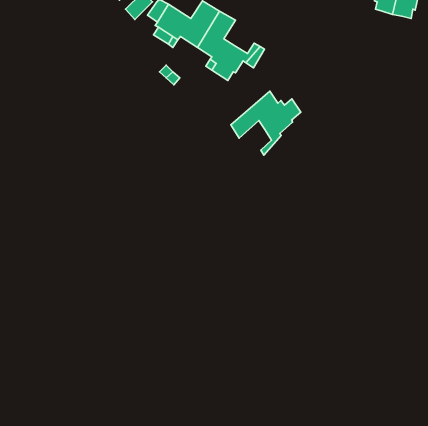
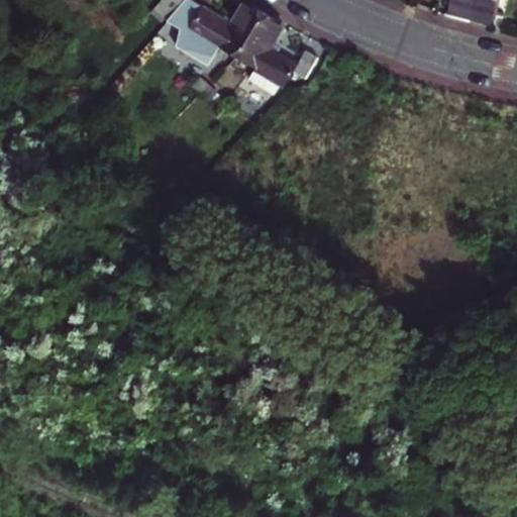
building: [231,91,301,155] -> none

